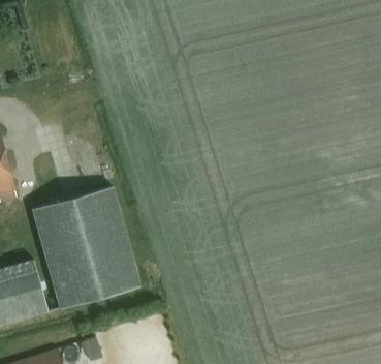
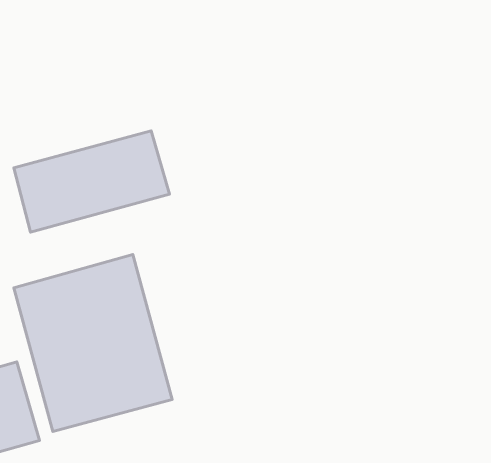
building: none -> [14,131,170,232]

